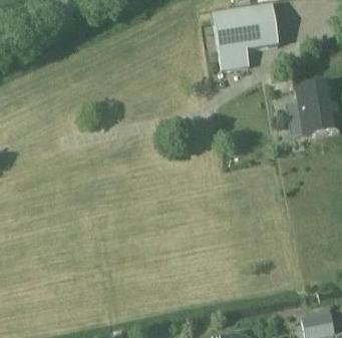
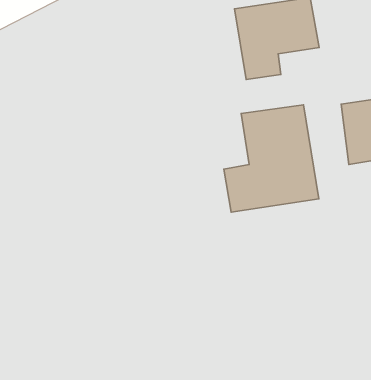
building: none -> [224,105,319,212]

